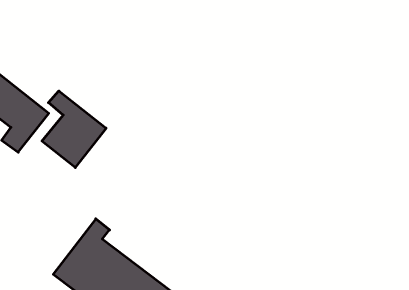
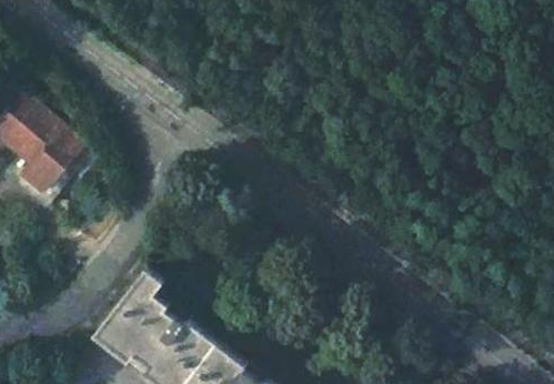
building: [42,91,106,168] -> none

